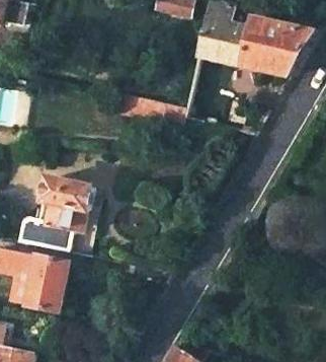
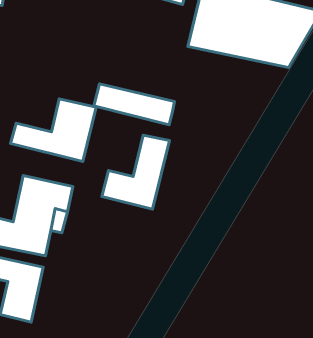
building: none -> [11,99,96,162]
building: none -> [102,135,169,209]

